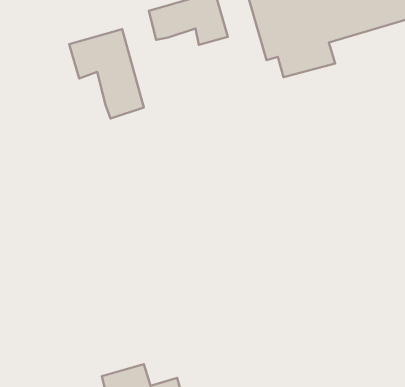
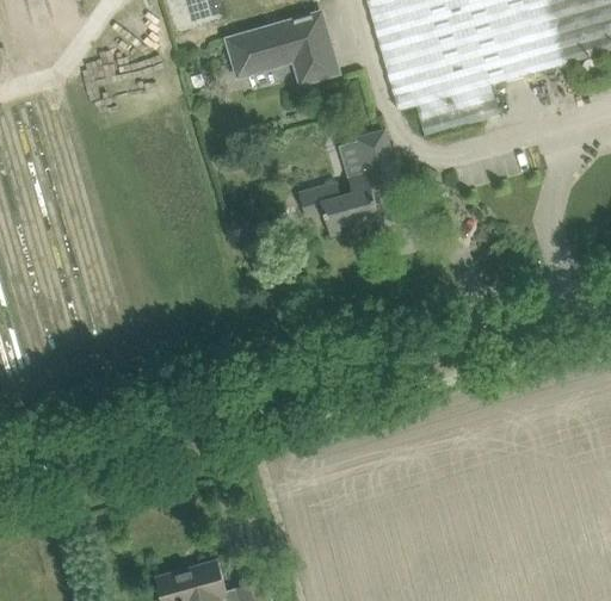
building: [69,29,144,118] -> none
building: none -> [302,126,401,233]

